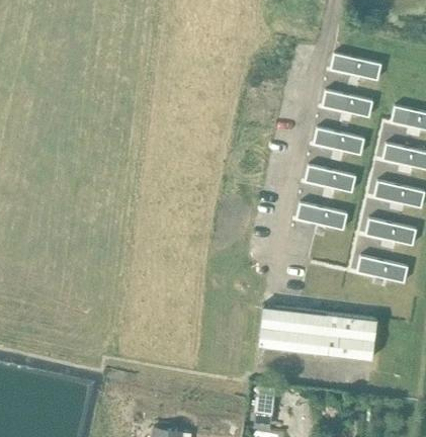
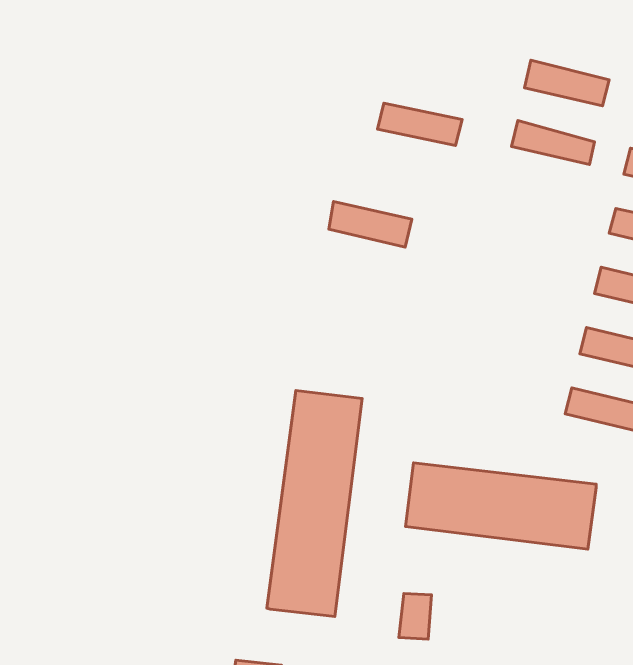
building: [314,128,366,155] -> [377,103,462,146]
building: [306,165,357,193] -> [329,201,412,247]
building: [296,202,349,229] -> none
building: none -> [267,390,362,617]

